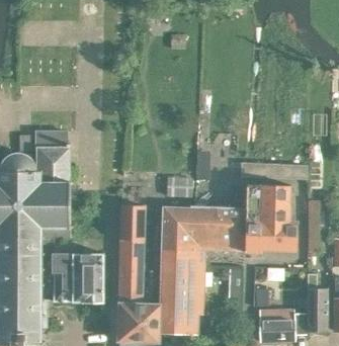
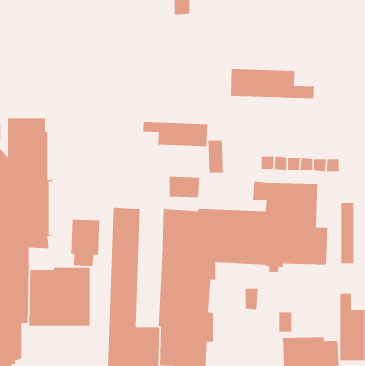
building: none -> [230,68,315,99]
building: none -> [143,121,208,147]
building: none -> [71,219,100,267]

